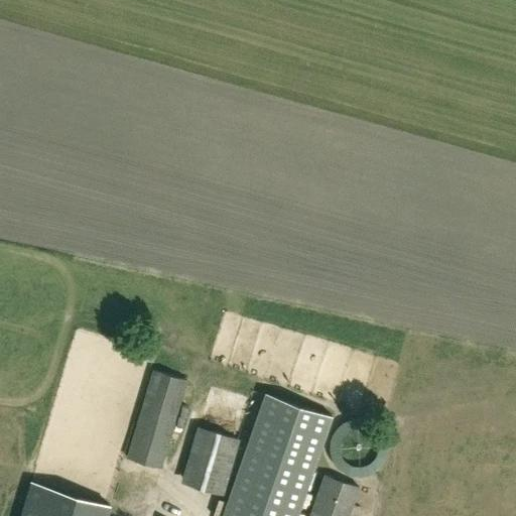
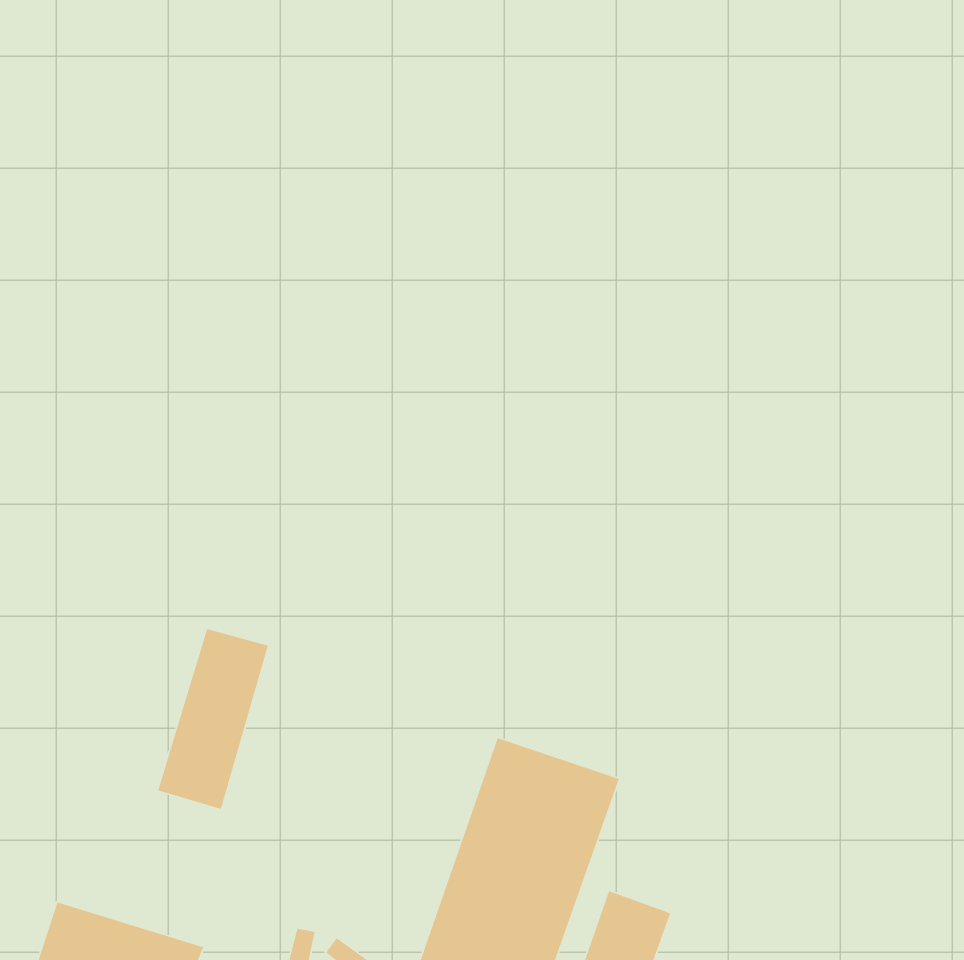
building: [127,373,186,470] -> [157,628,269,810]
building: [180,429,239,497] -> none

